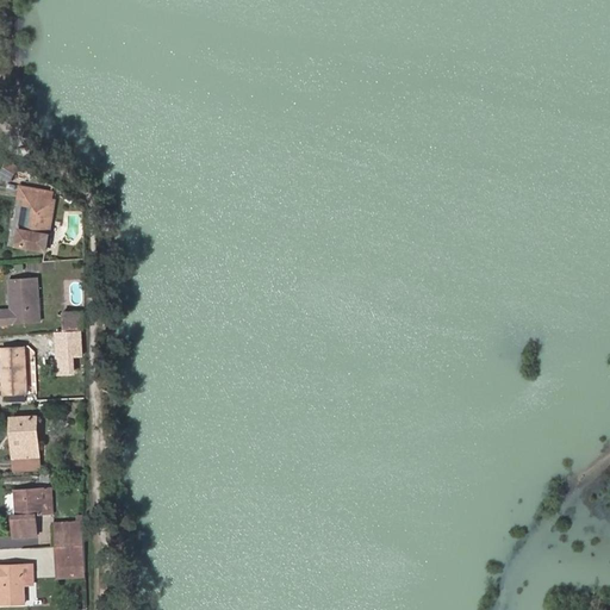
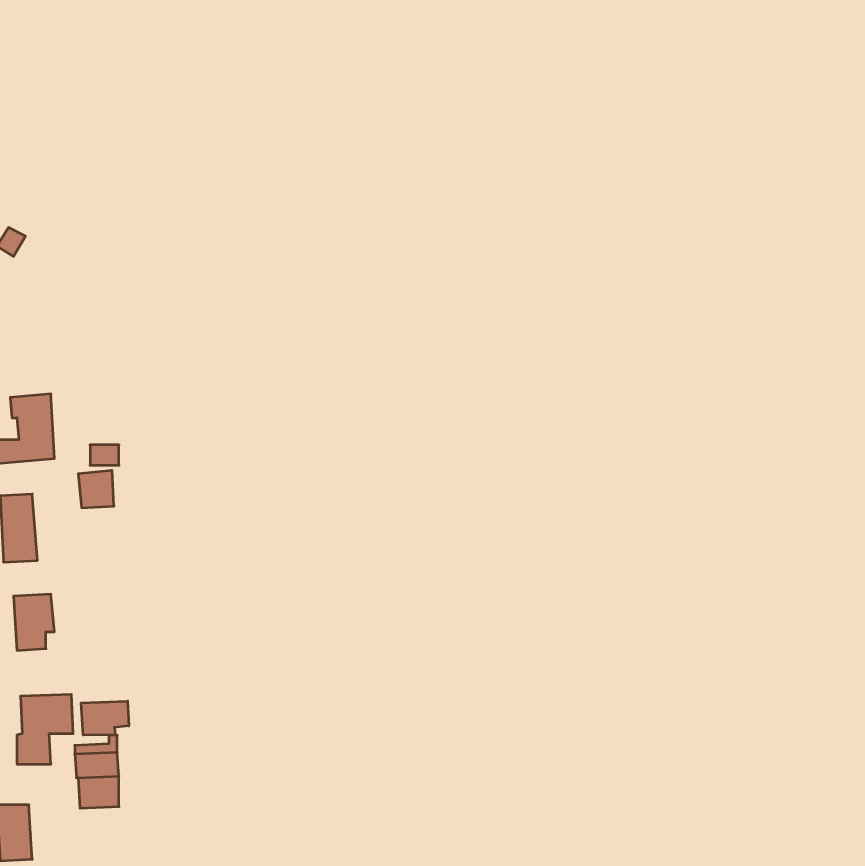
building: [15,187,54,250] -> none
building: none -> [81,701,129,735]

